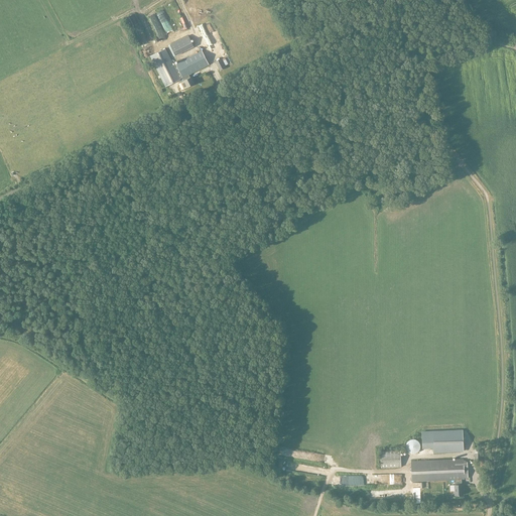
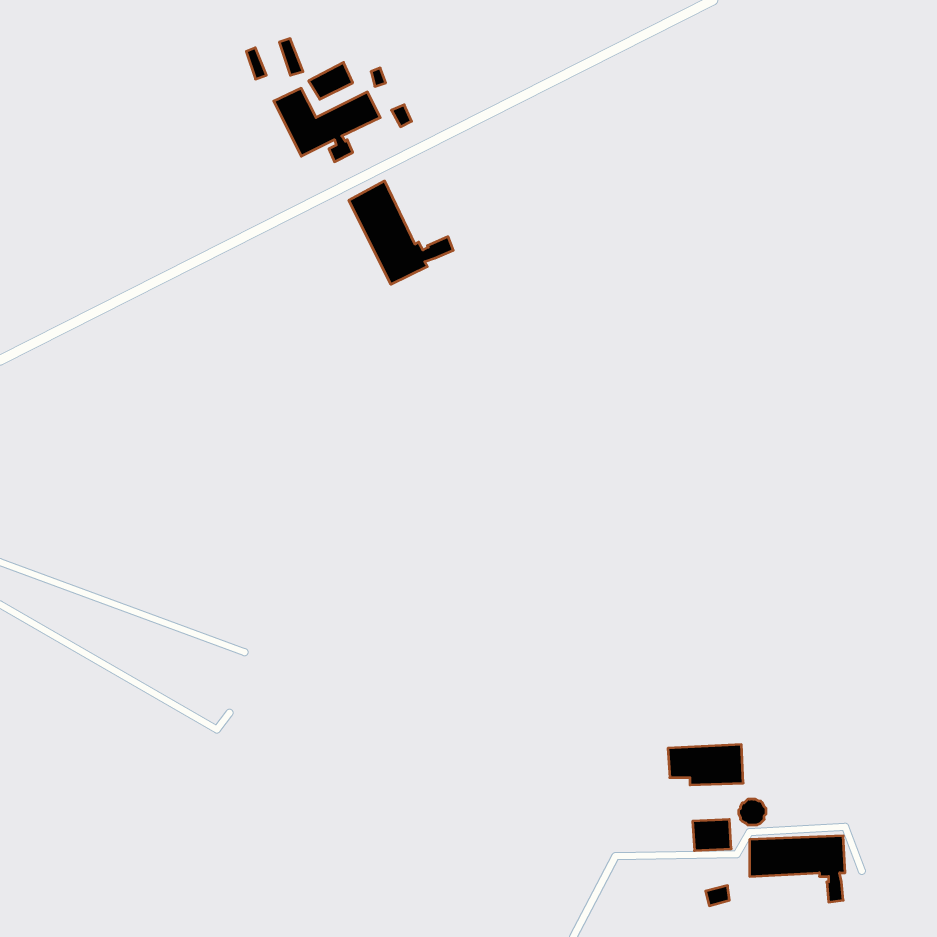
building: none -> [349,181,453,284]
building: [422,429,464,452] -> [668,745,743,785]

